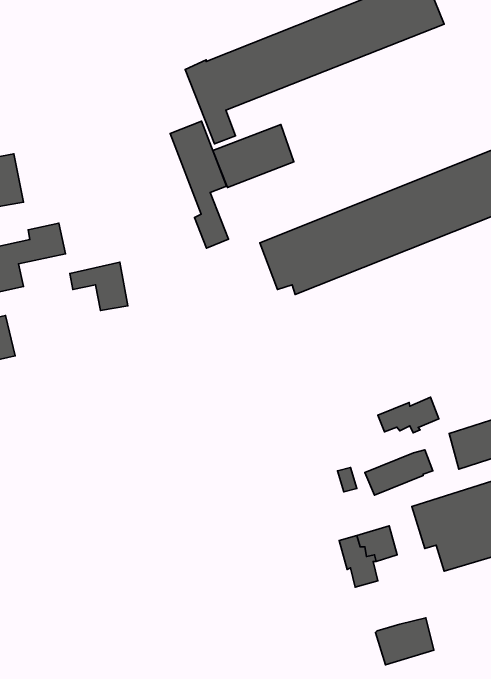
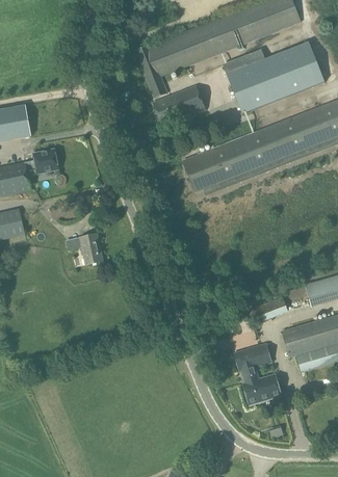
building: none -> [226,42,324,114]
building: [170,121,228,248] -> none
building: [70,262,128,311] -> [64,233,102,264]
building: [378,397,439,433] -> none
building: [376,618,434,665] -> [242,374,280,404]

